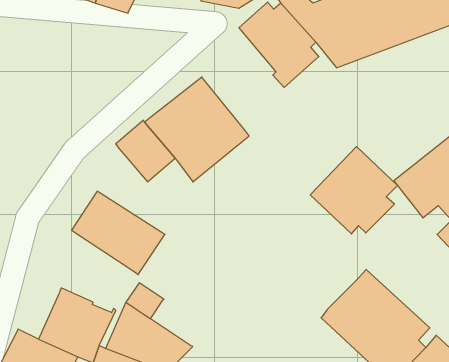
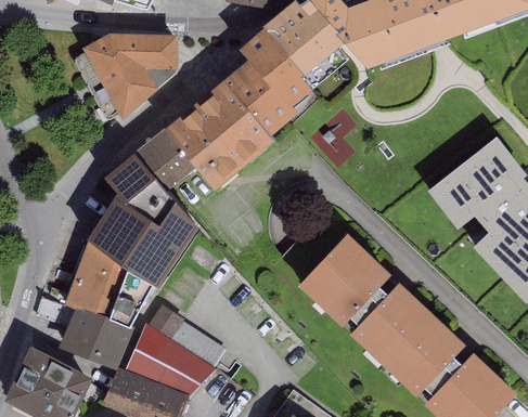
building: none -> [226,29,312,138]
building: none -> [82,31,178,118]
building: [310,147,398,234] -> [299,235,391,327]
building: none -> [105,155,197,247]
building: none -> [64,243,154,329]
building: none -> [171,316,227,364]

